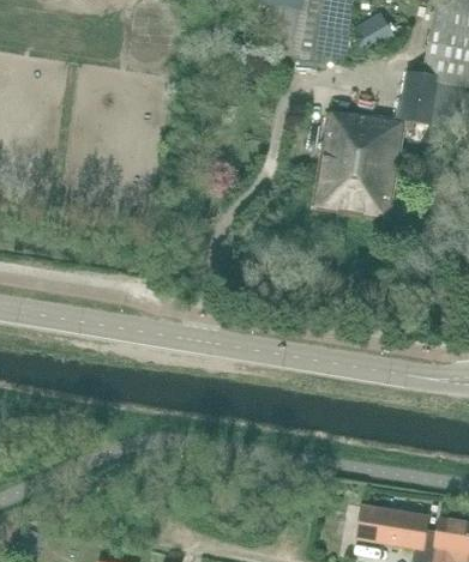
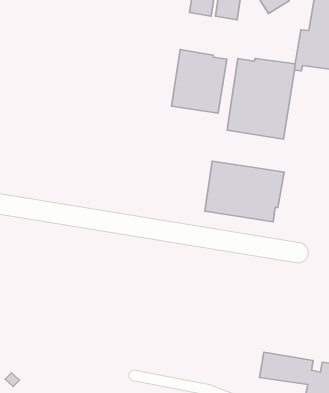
building: none -> [172,49,227,113]
building: none -> [205,161,284,222]

